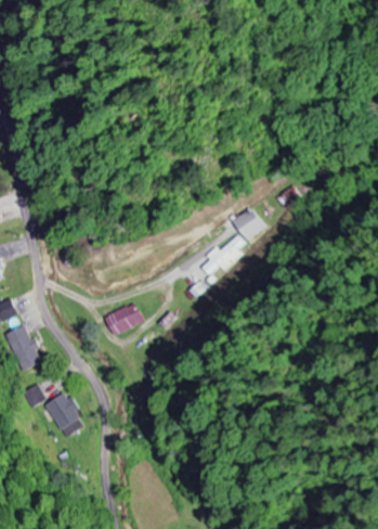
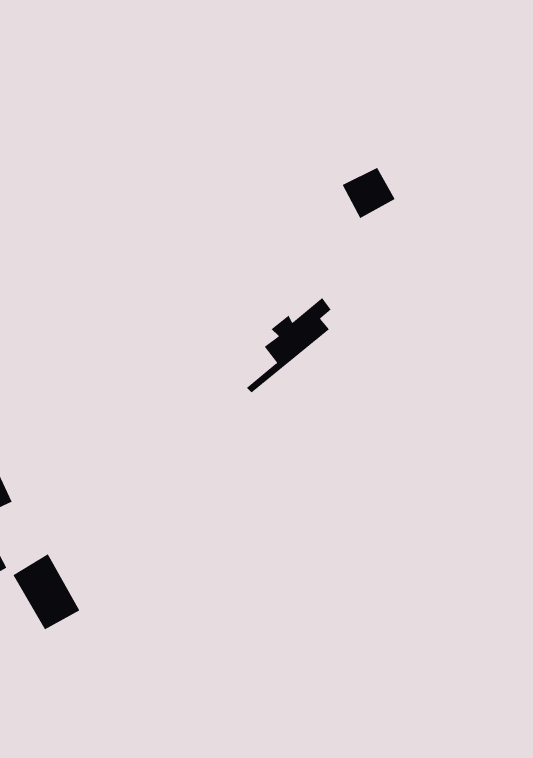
building: [229,208,261,240] -> [342,167,395,219]
building: [106,302,145,336] -> none

